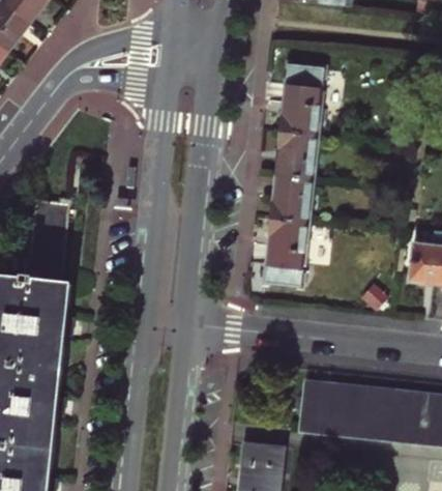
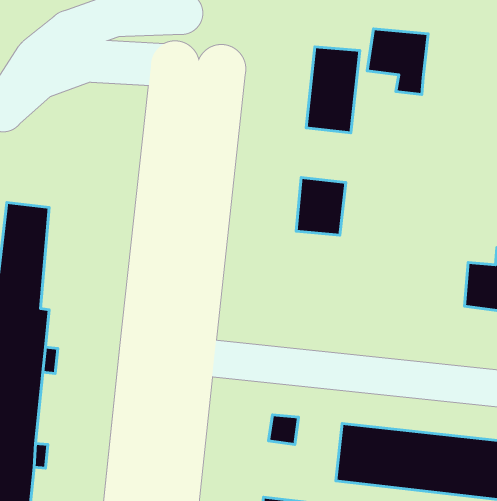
building: none -> [367,29,428,95]
building: [275,135,317,180] -> none
building: [264,221,307,289] -> none

